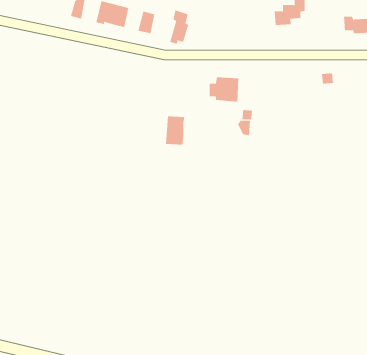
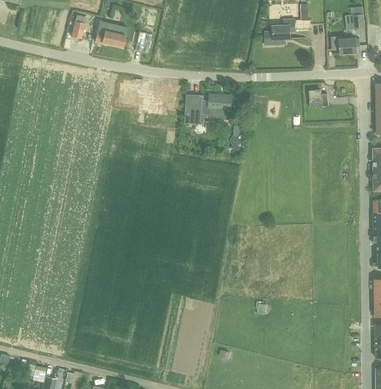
building: [170,10,189,44] -> none
building: [165,116,185,145] -> [184,94,203,122]

